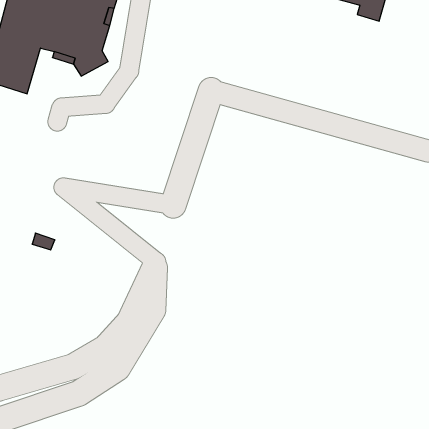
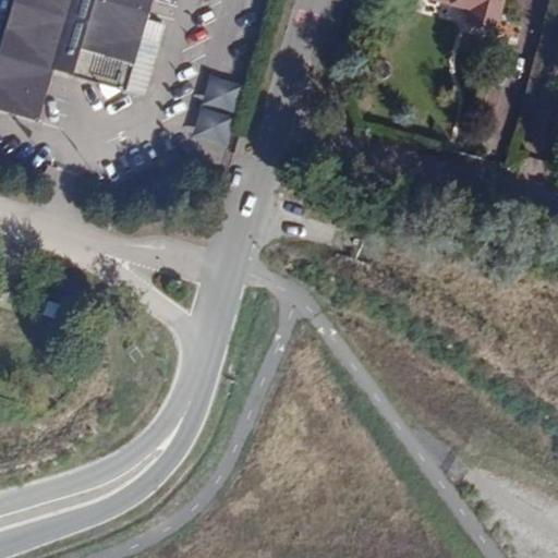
building: none -> [191,72,242,142]

